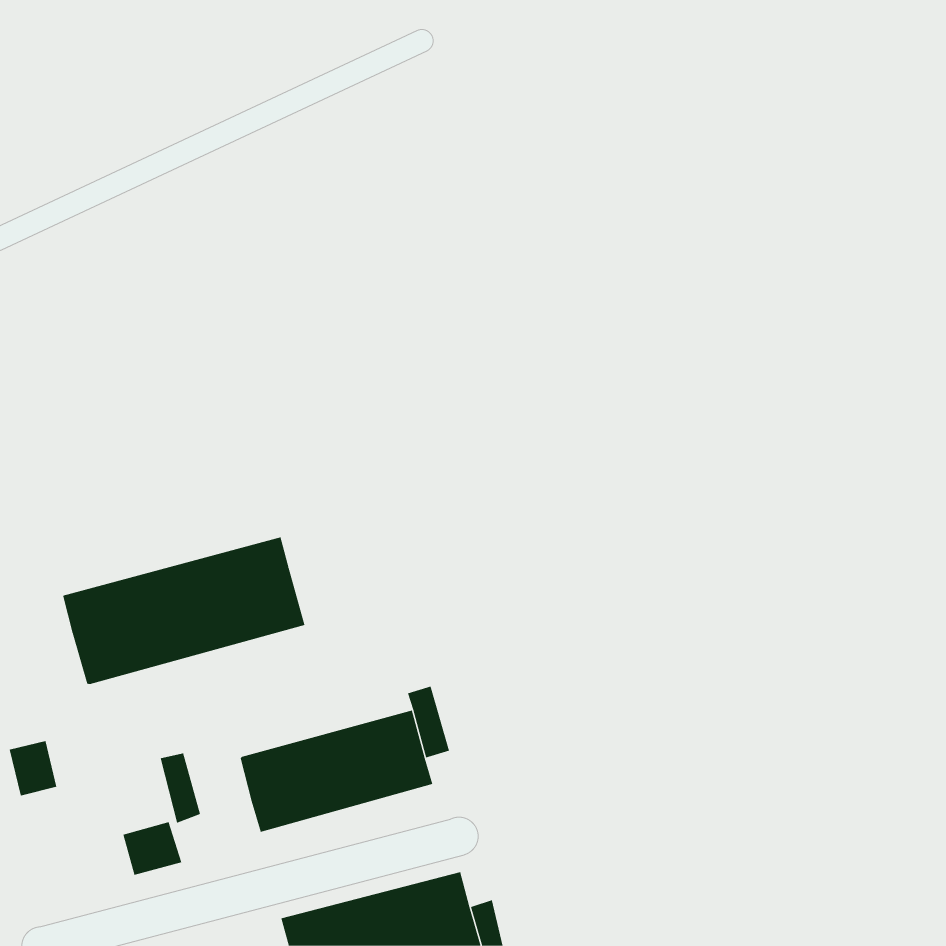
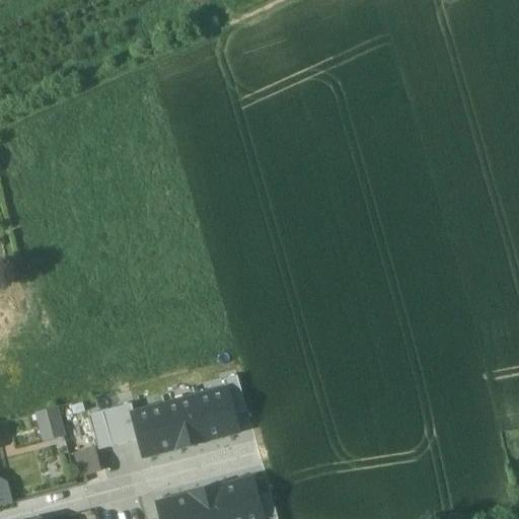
building: [62,536,305,685] -> none
building: none -> [100,402,137,444]
building: [9,740,57,796] -> [36,409,63,439]

